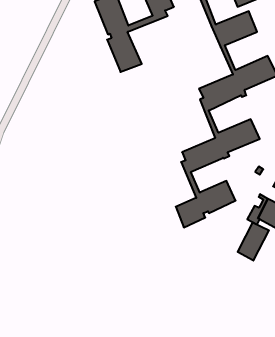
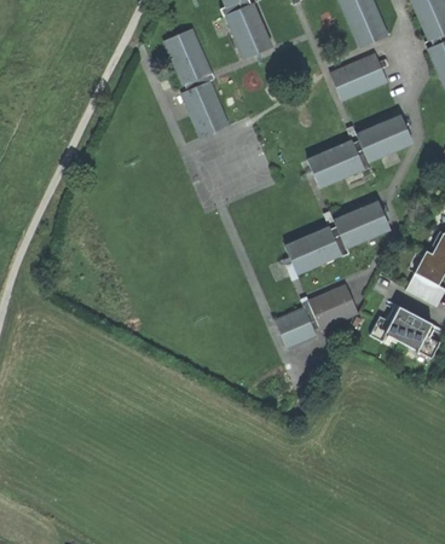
building: [238,223,269,261] -> none

